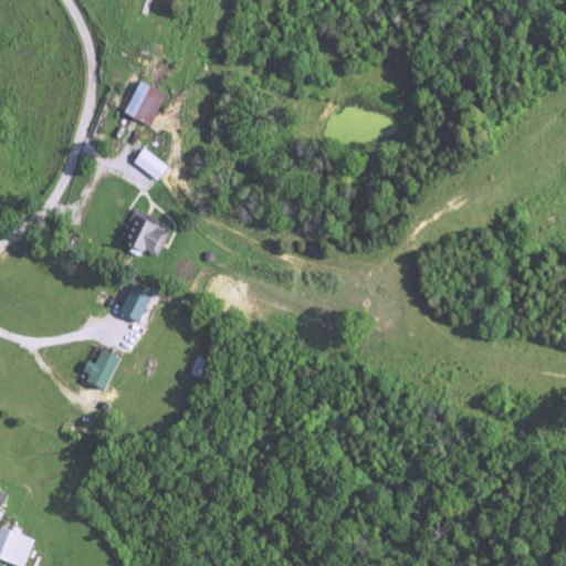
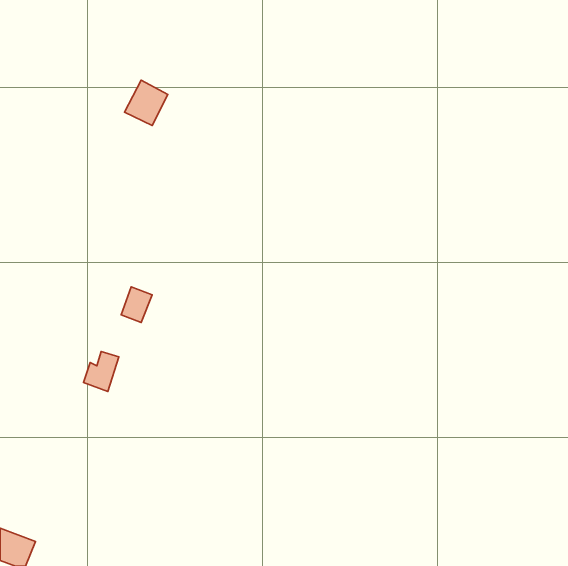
building: [133,147,169,180] -> none
building: [120,208,168,255] -> none

